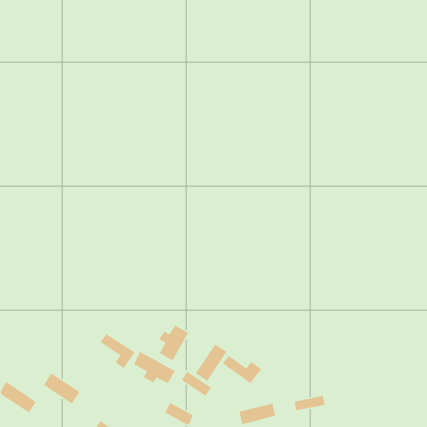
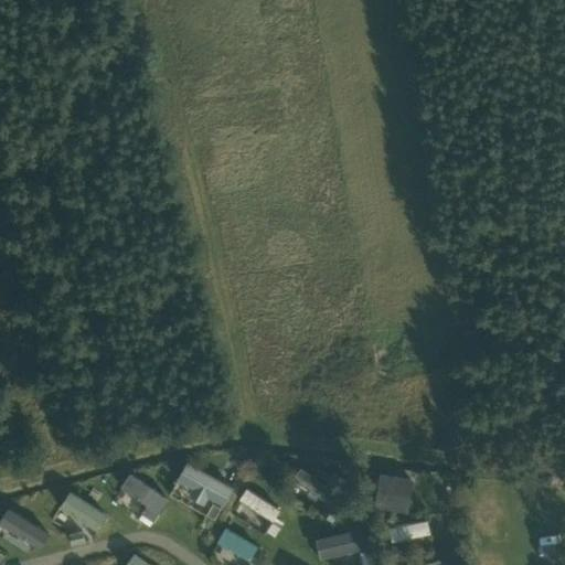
building: [158,325,189,362] -> none
building: [99,333,135,369] -> [121,477,169,524]
building: [195,343,228,382] -> none
building: none -> [374,478,414,513]

